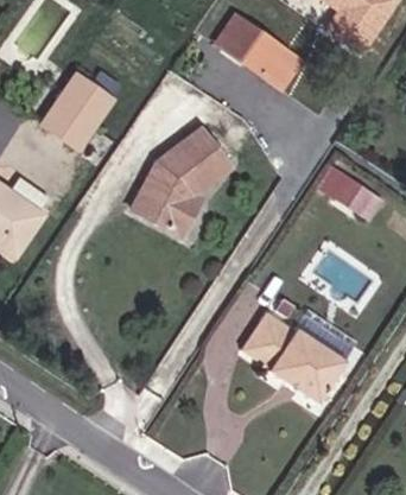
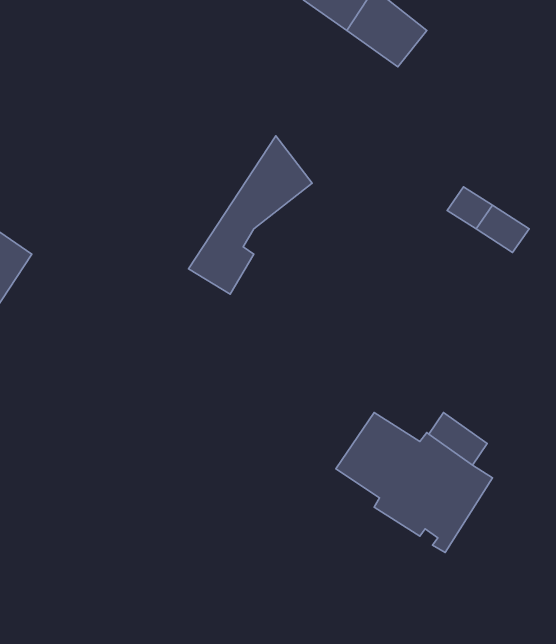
building: [40,68,112,141] -> none
building: [132,128,207,222] -> none

